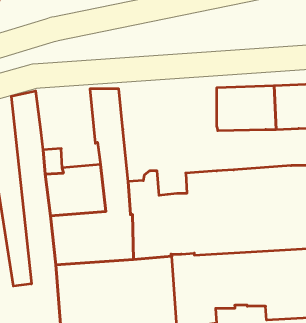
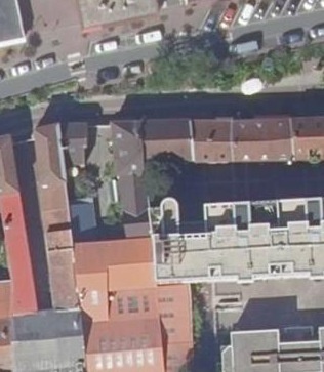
building: none -> [138,121,234,162]
building: none -> [58,123,86,164]

